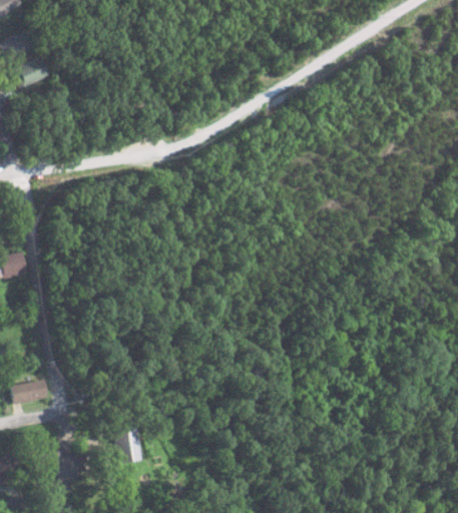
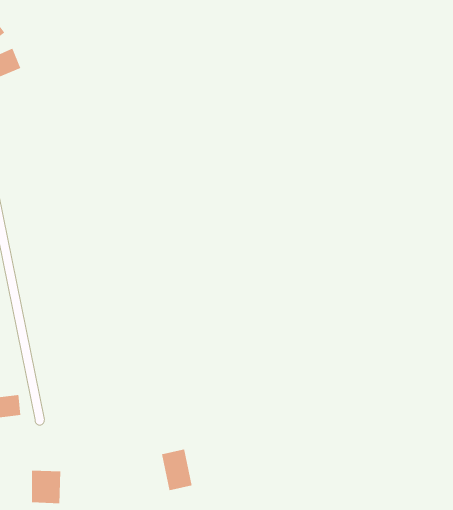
building: [113,425,142,464] -> [161,449,192,491]

